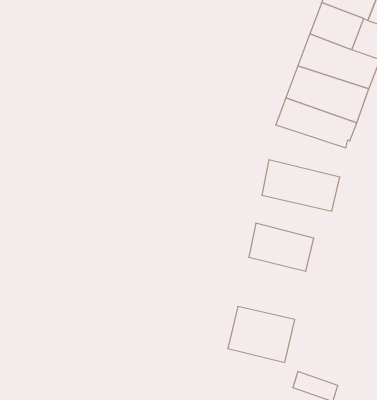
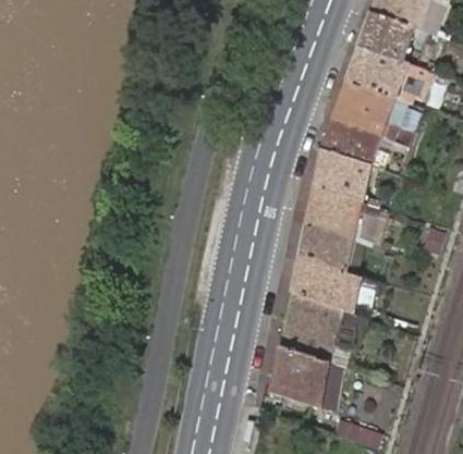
building: none -> [310,148,394,205]
building: none -> [296,224,379,273]
building: none -> [277,292,351,359]

